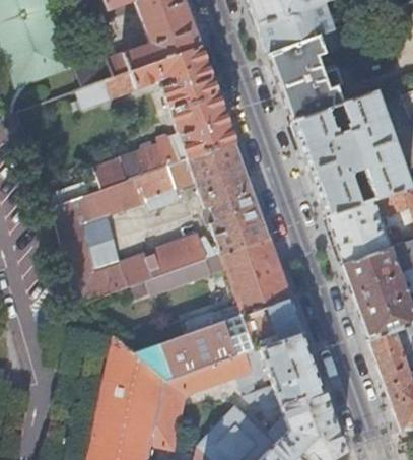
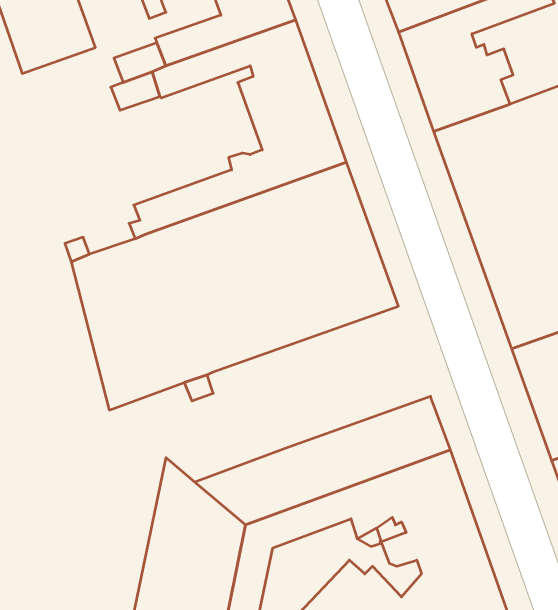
building: [146,235,290,329] -> none

